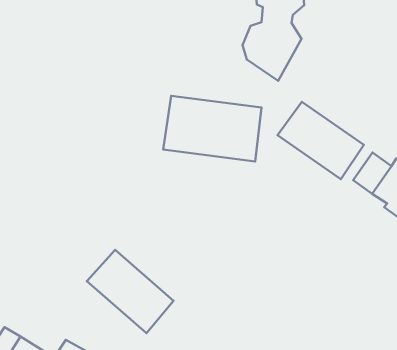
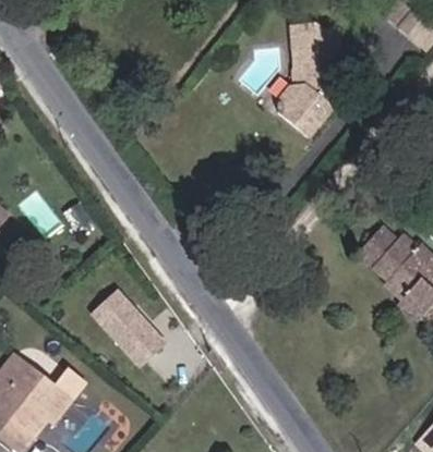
building: [163,96,262,161] -> none
building: [278,102,364,179] -> none

